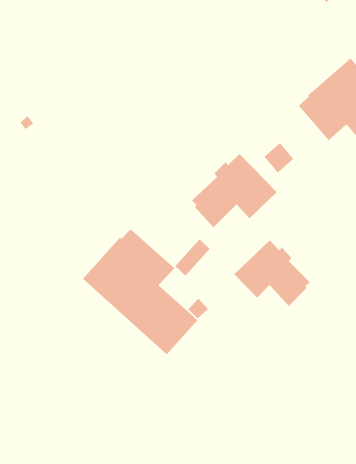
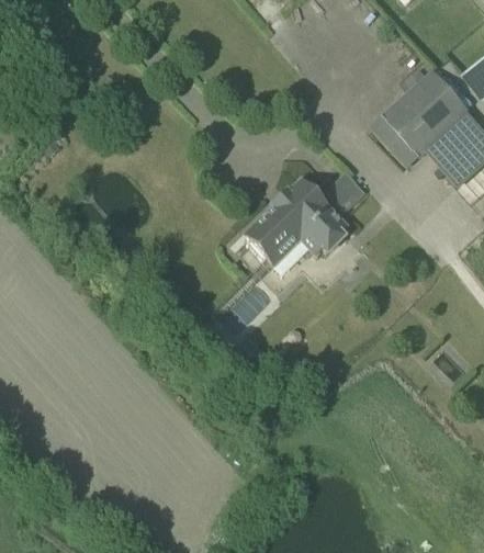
building: [82,228,198,355] -> none
building: [234,239,311,307] -> none

